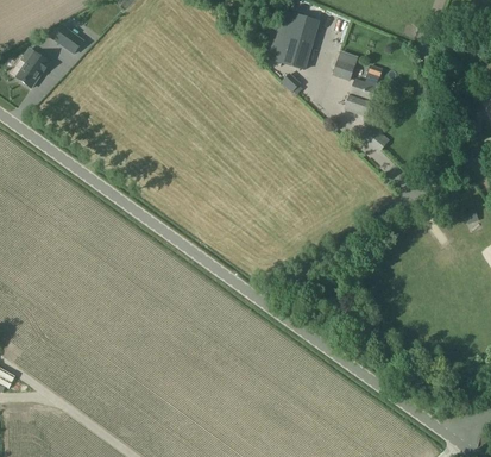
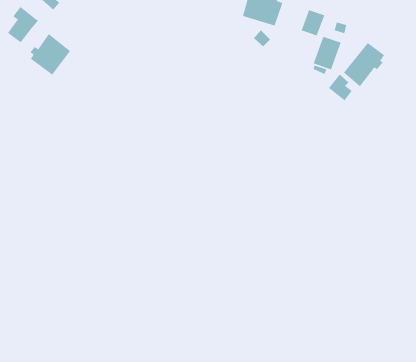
building: none -> [30,33,71,75]
building: none -> [343,42,385,87]

